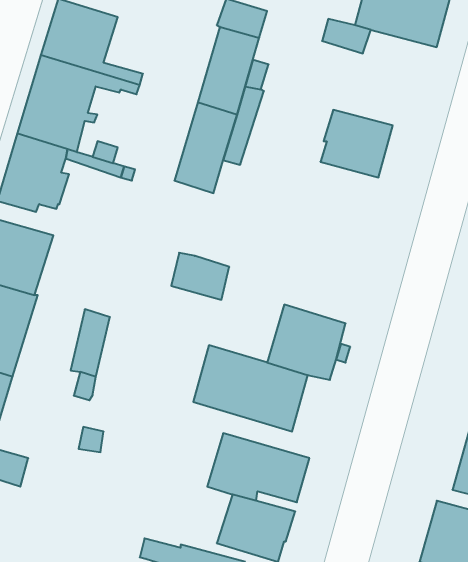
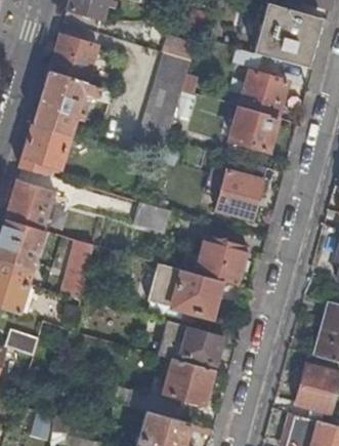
building: none -> [239,72,288,118]
building: none -> [214,170,262,220]

